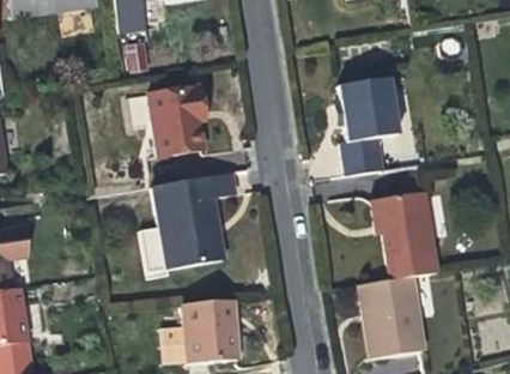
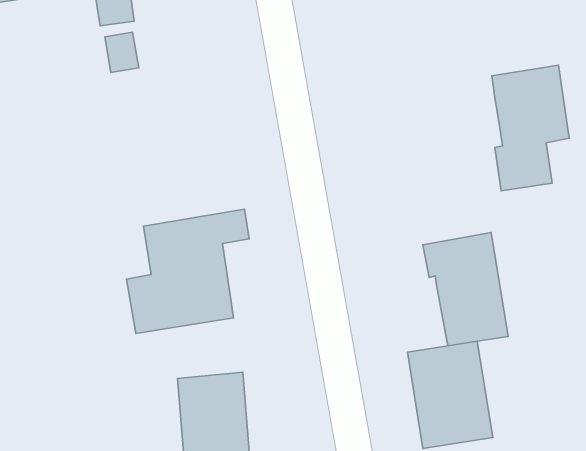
building: [340,78,400,175] -> [492,65,569,191]
building: [147,85,204,151] -> none

